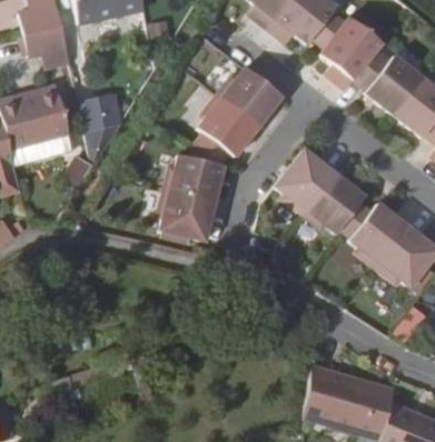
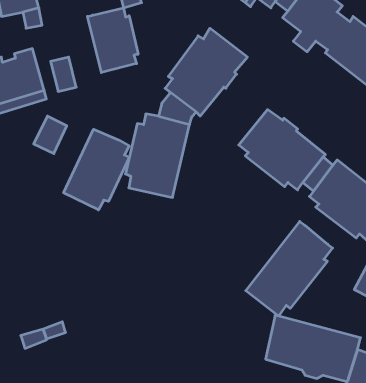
building: none -> [87,8,138,73]
building: none -> [64,129,129,210]
building: none -> [246,221,333,316]

